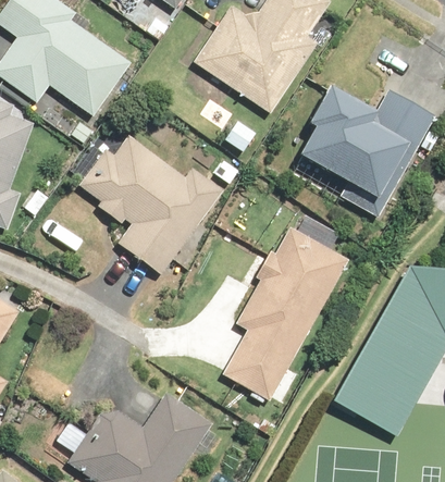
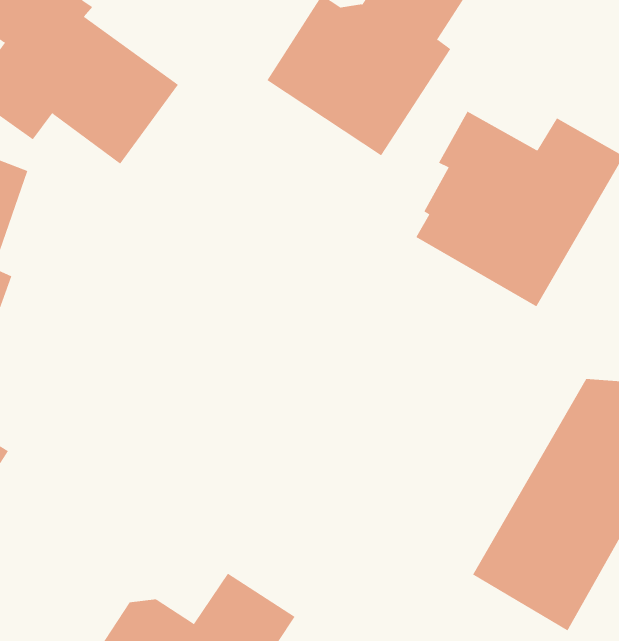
building: [77,135,225,273] -> none
building: [219,221,346,396] -> none

